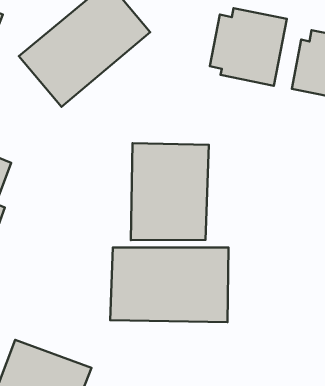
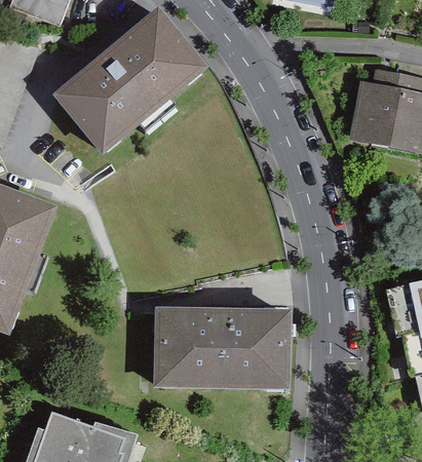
building: [210,8,287,86] -> none
building: [131,143,209,240] -> none

